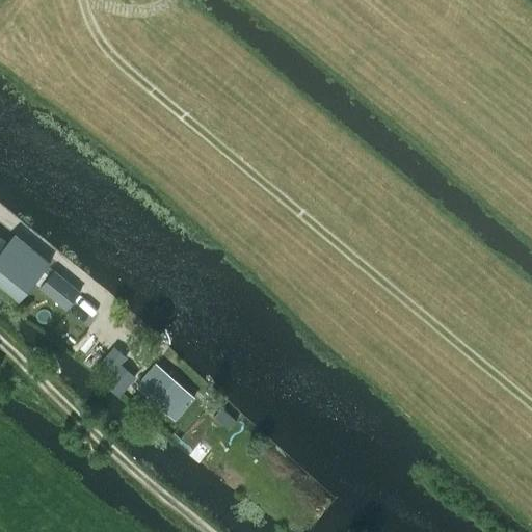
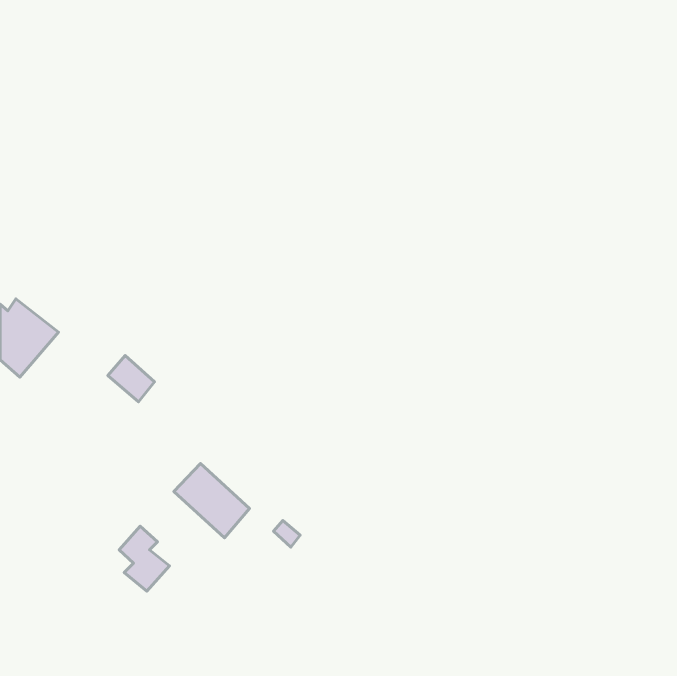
building: [41,272,77,309] -> [108,355,154,402]
building: [98,347,137,398] -> [119,526,169,591]

